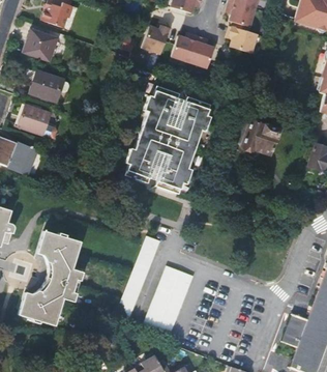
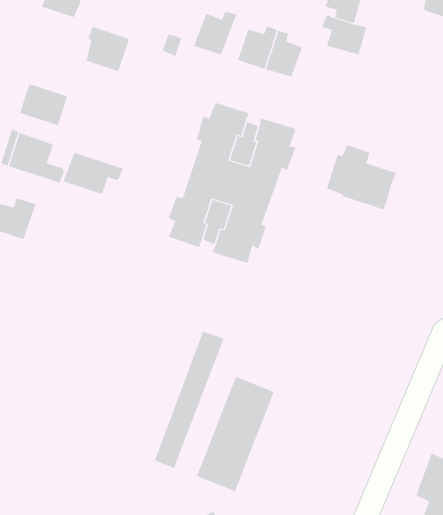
building: [27,31,56,61] -> [86,26,130,72]
building: none -> [63,152,123,195]
building: [20,225,83,319] -> none

